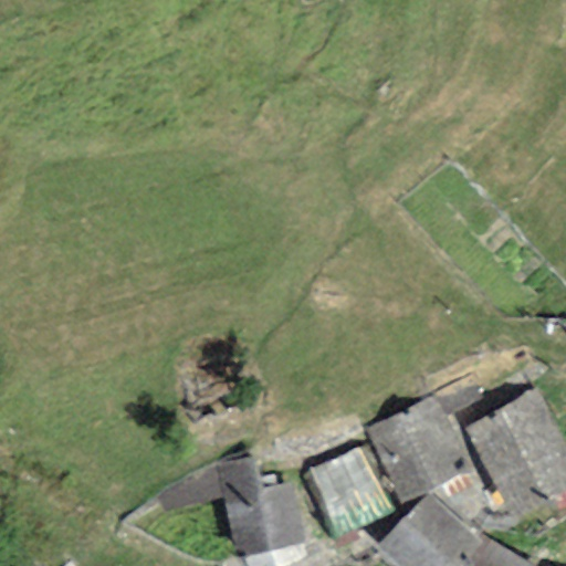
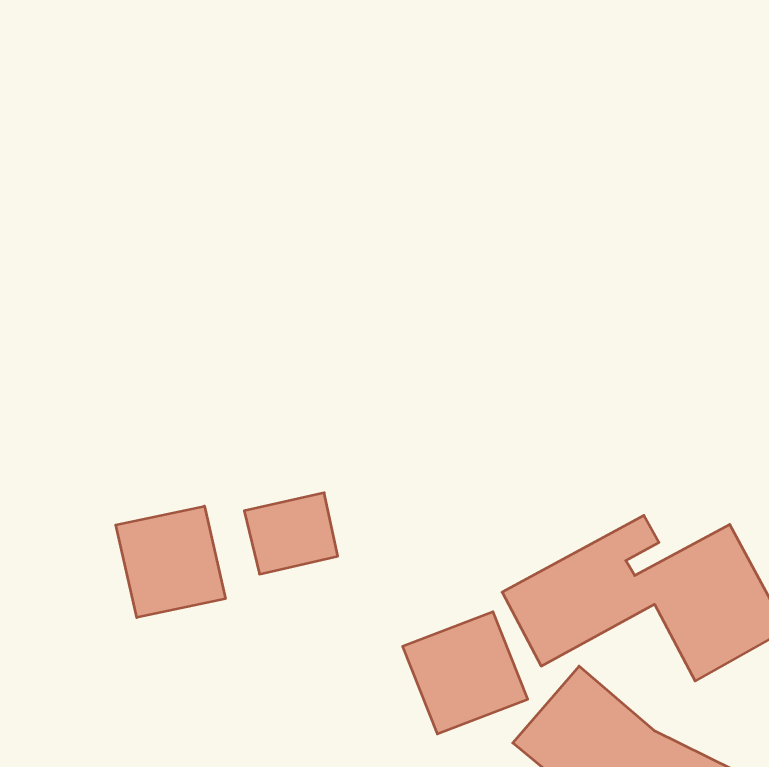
building: none -> [116,506,225,618]
building: [216,461,302,557] -> none

